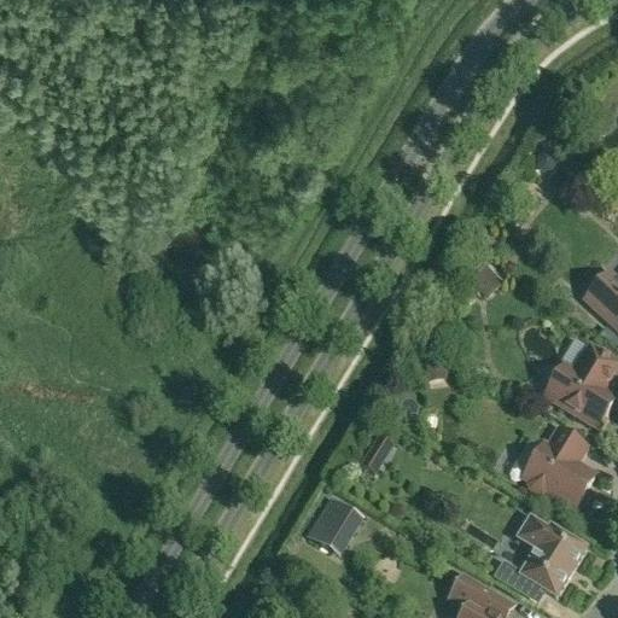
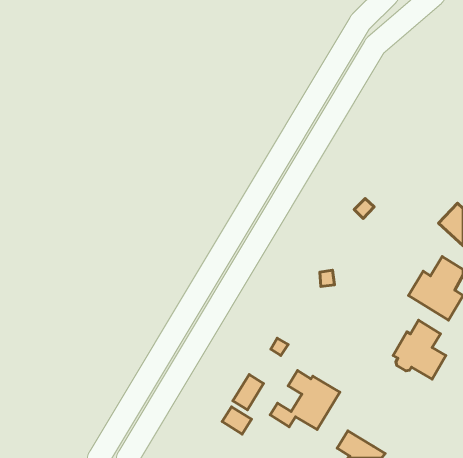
building: [494,515,587,594] -> [270,371,340,430]
building: none -> [222,407,251,434]

